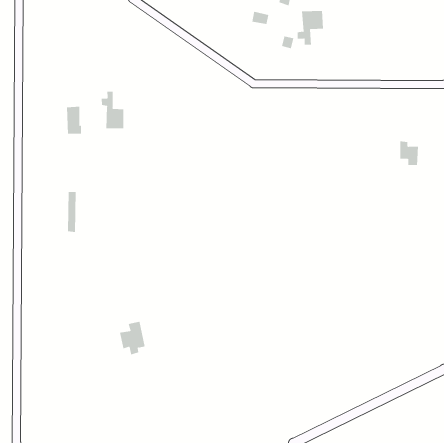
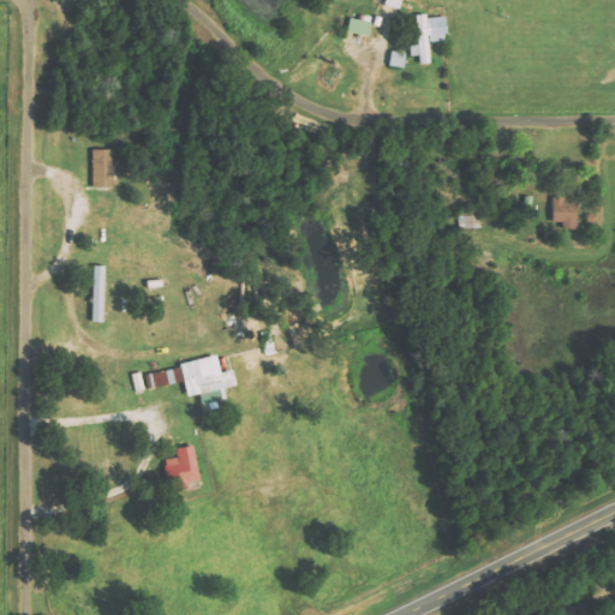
building: [101,91,124,129] -> none
building: none -> [131,356,237,417]

